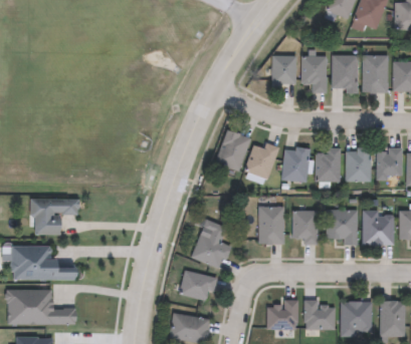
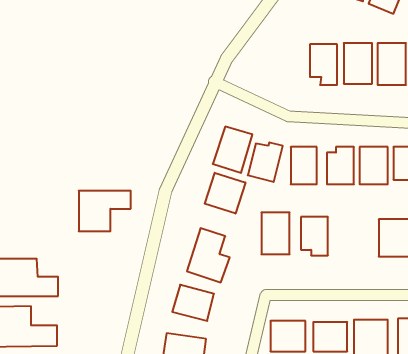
building: [268,55,295,86] -> none
building: none -> [205,173,245,214]
building: [33,200,79,236] -> [79,191,131,231]
building: [326,210,357,241] -> none

